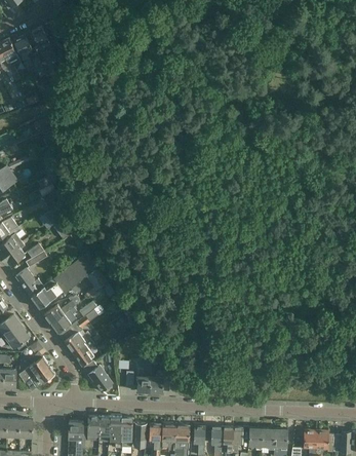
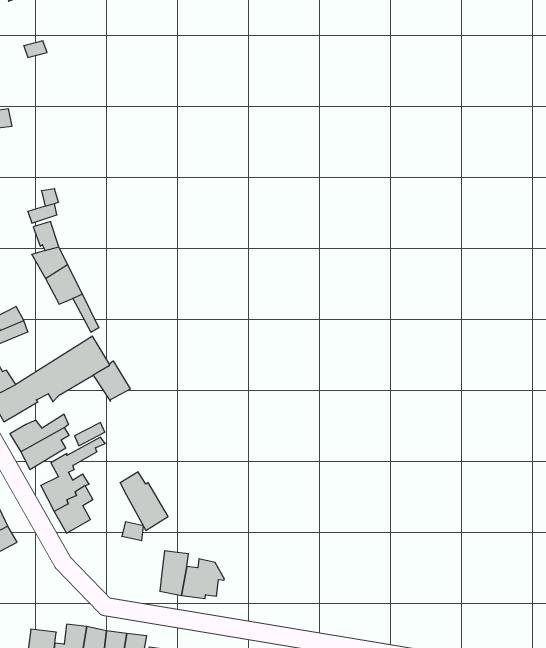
building: [83,360,112,392] -> [120,472,168,530]

